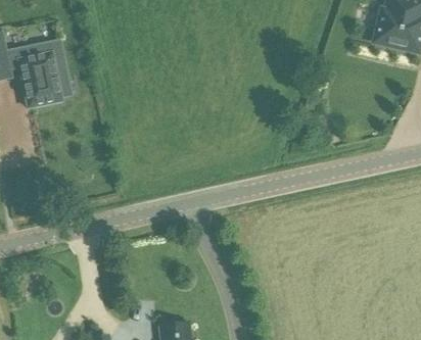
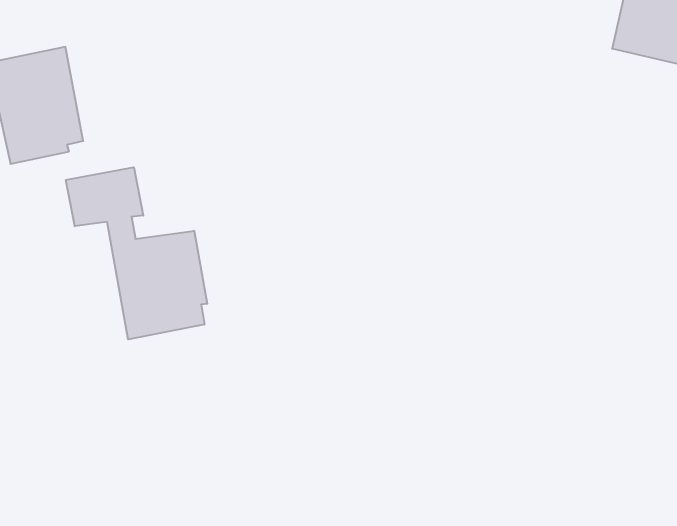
building: none -> [66,167,207,339]

